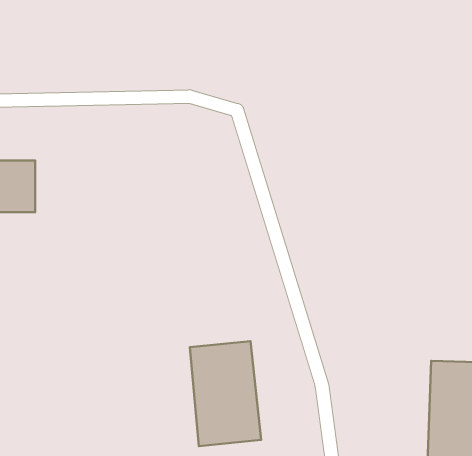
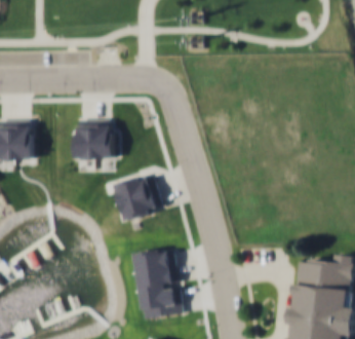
building: none -> [71,120,110,159]
building: none -> [111,173,161,221]

